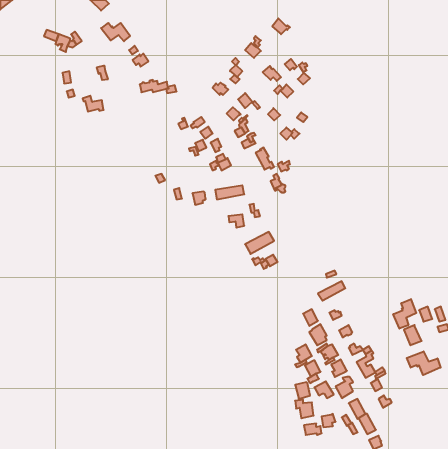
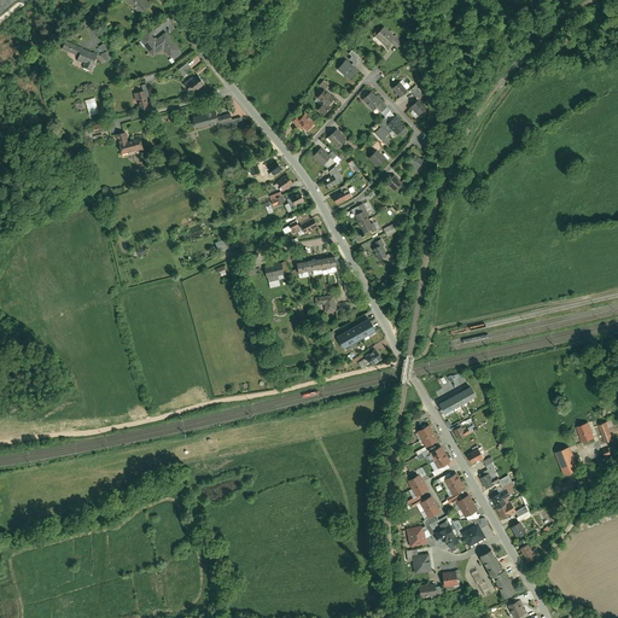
building: [393,299,416,329] -> none
building: [407,351,441,375] -> none

